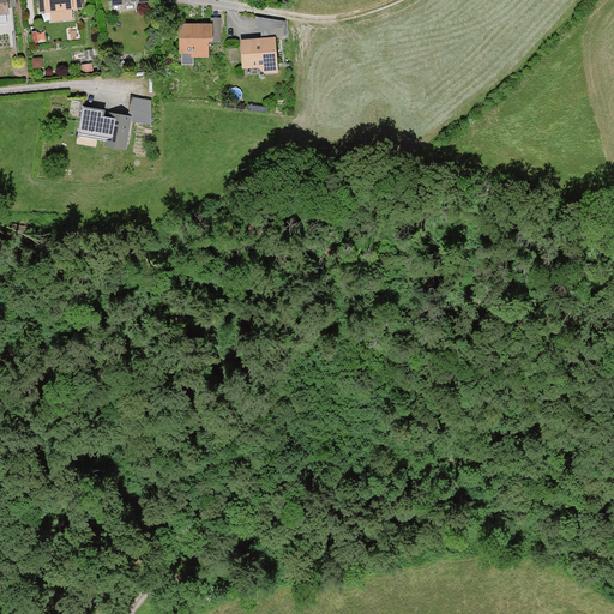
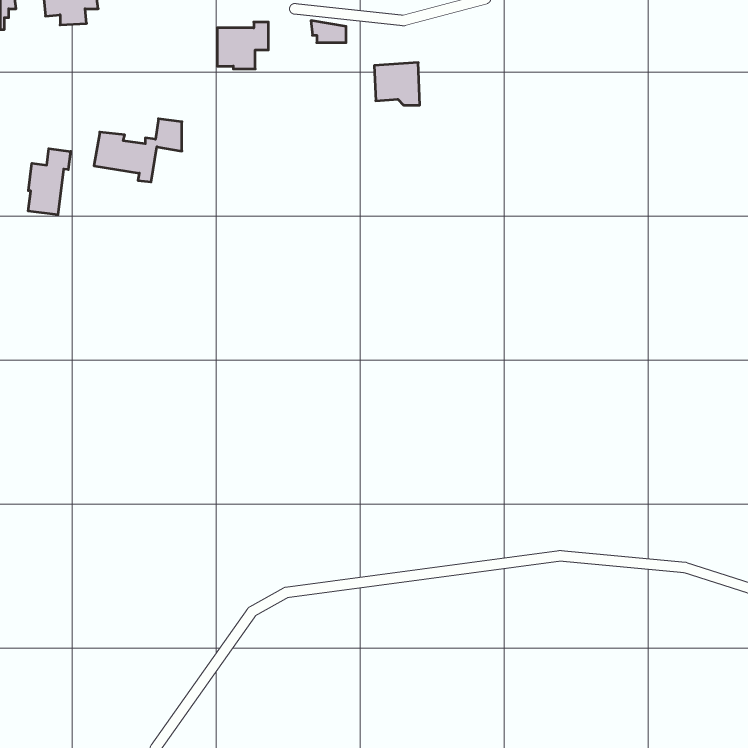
building: [240,37,277,72] -> [374,63,420,105]
building: none -> [28,149,71,215]

